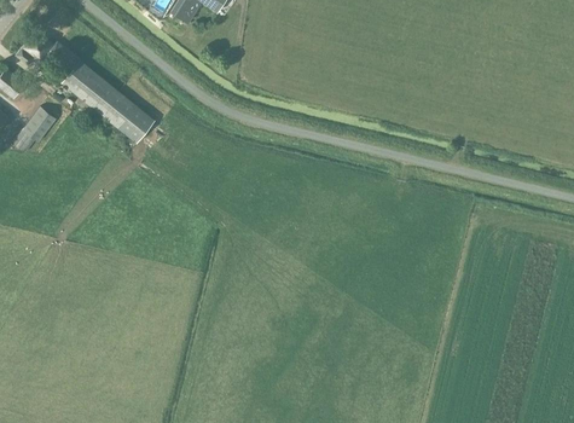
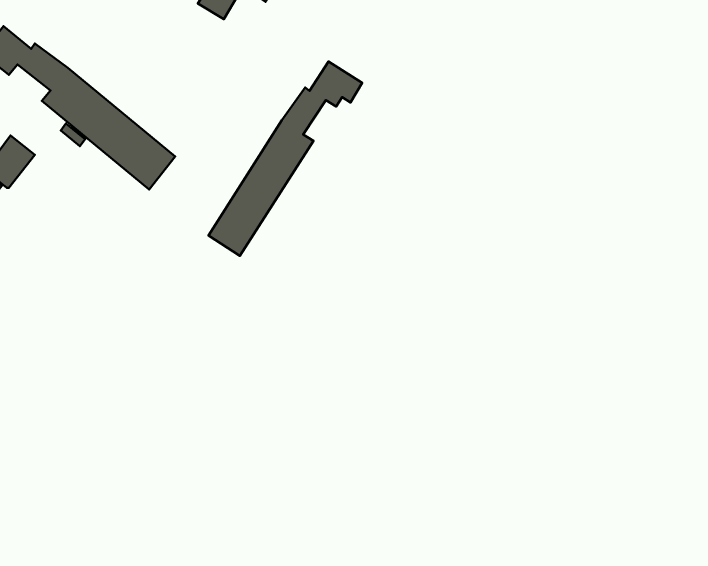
building: none -> [208,61,362,256]

